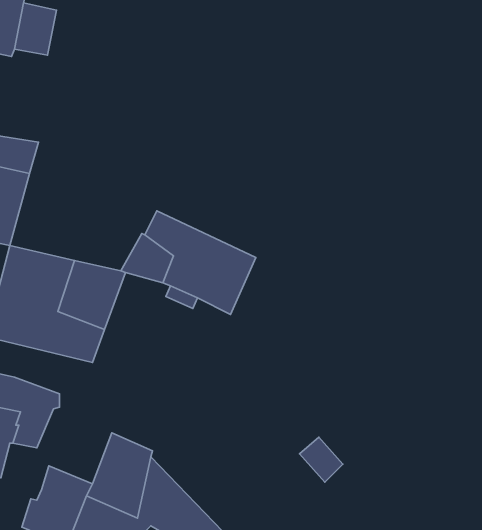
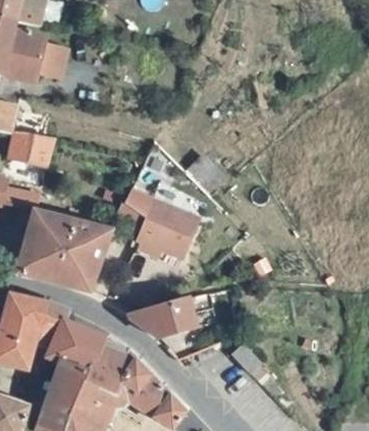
building: none -> [126,293,212,338]
building: none -> [48,320,102,372]

